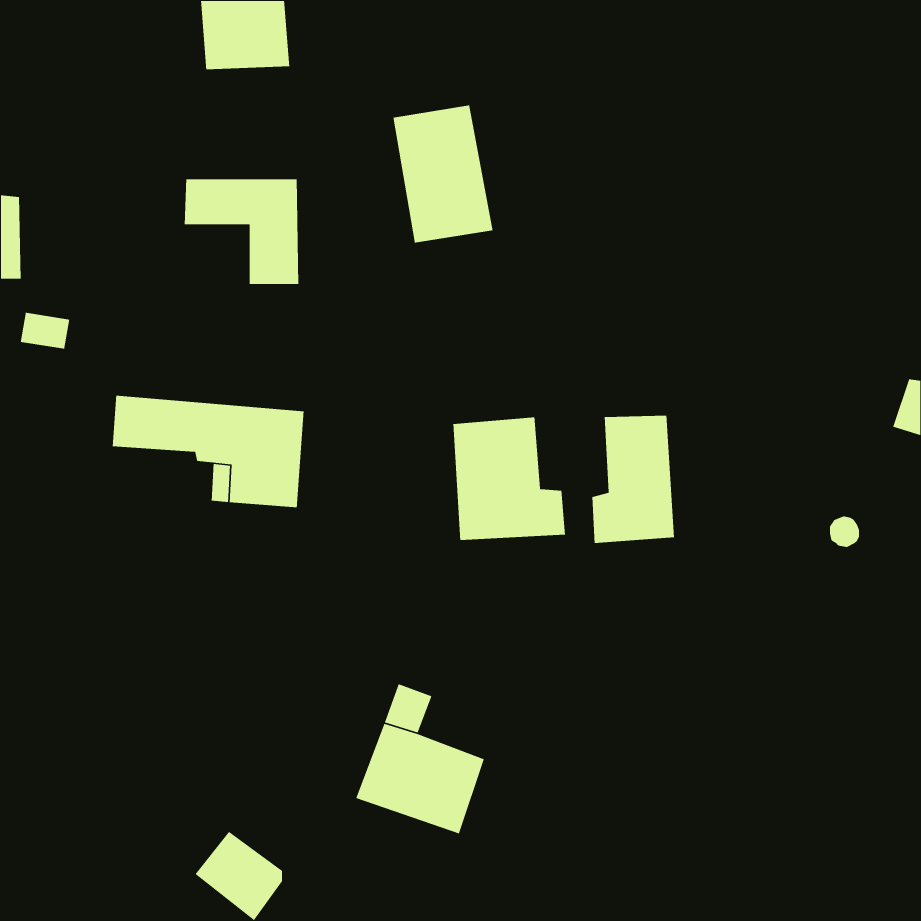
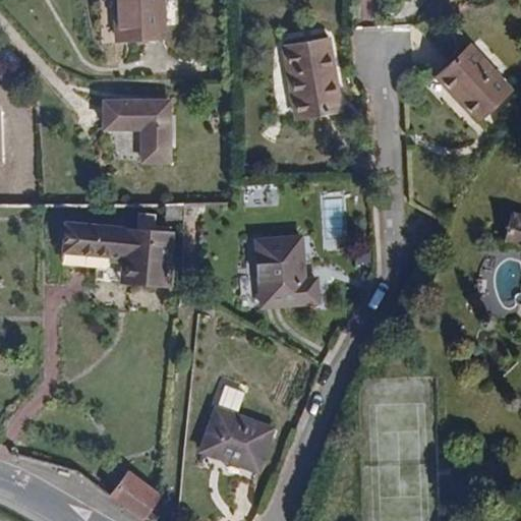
building: none -> [437,45,511,121]
building: [392,105,493,243] -> [284,39,341,117]
building: [592,415,675,544] -> none

